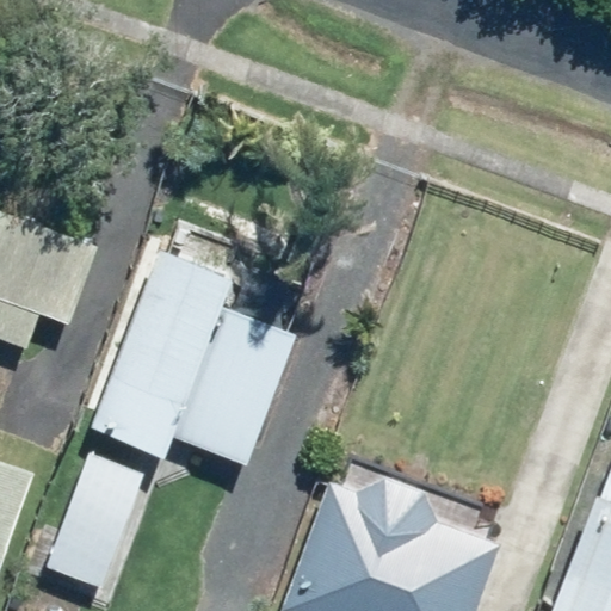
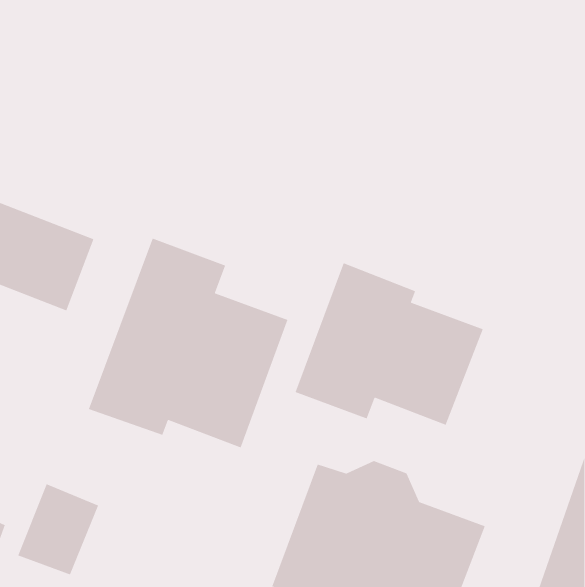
building: none -> [295,262,484,426]

